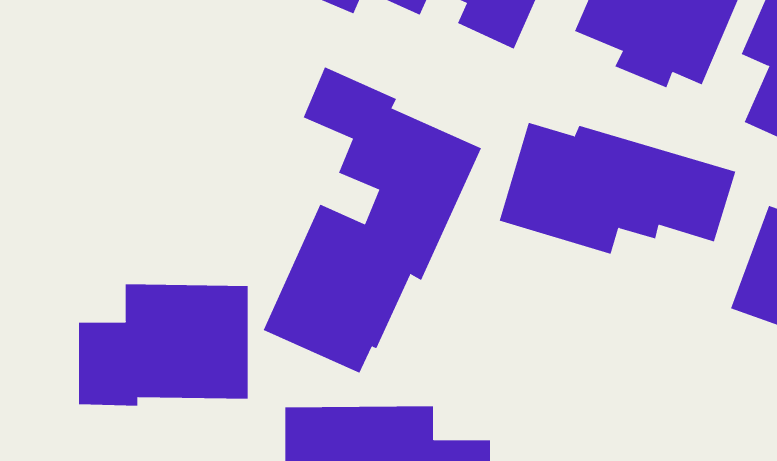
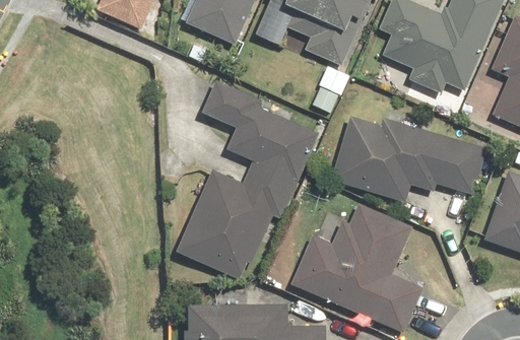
building: none -> [291,203,424,333]
building: [78,284,248,406] -> none

